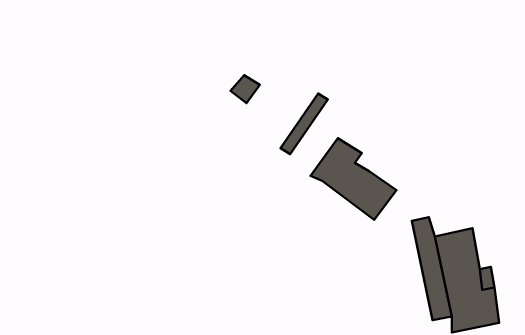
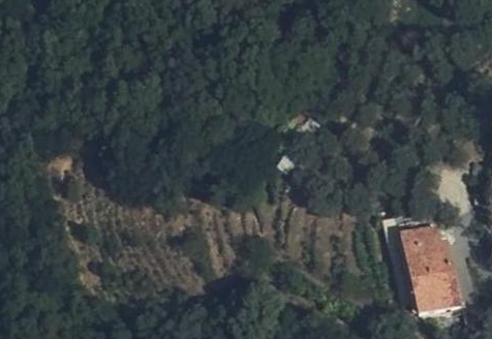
building: [311,138,397,220] -> none

